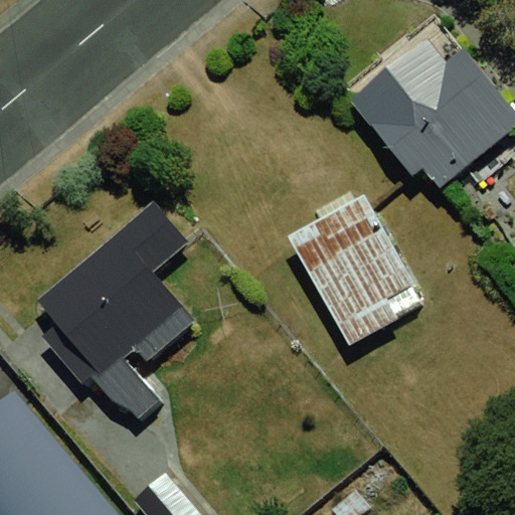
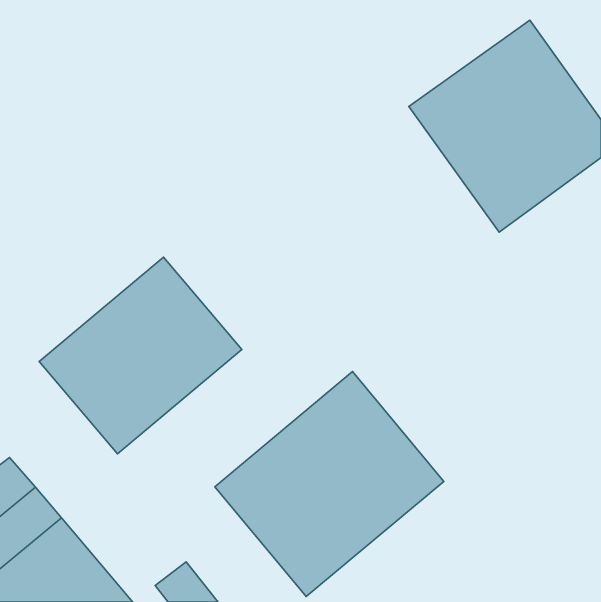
building: [289,196,423,346] -> none
building: none -> [215,371,444,597]

